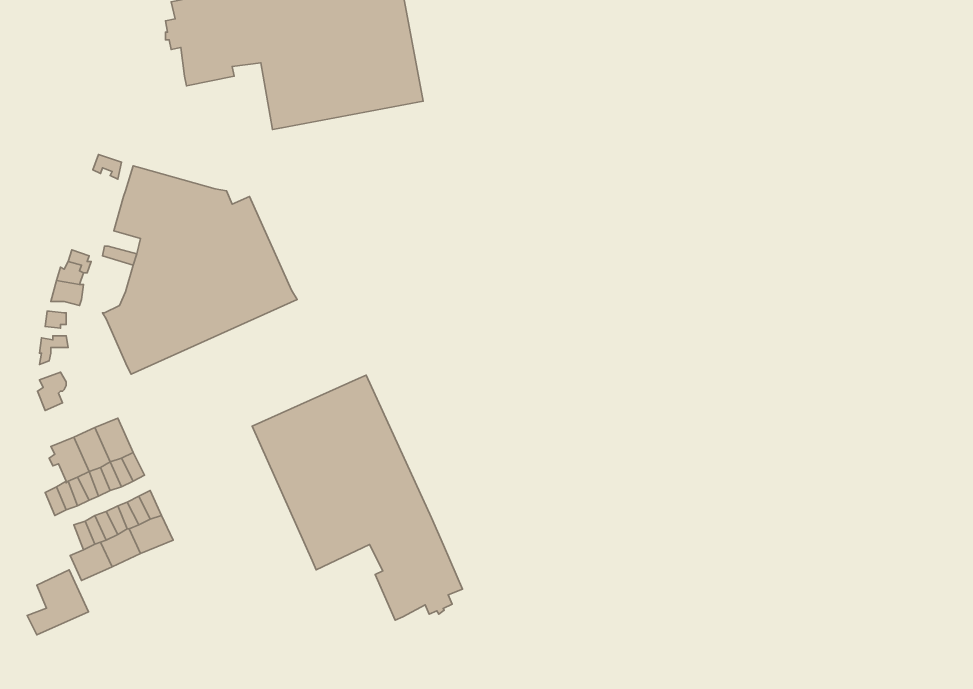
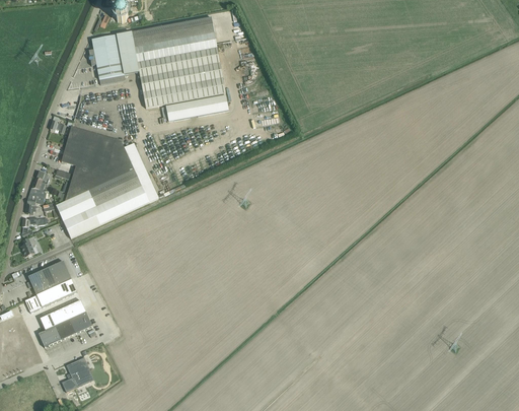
building: none -> [165,93,228,120]
building: [252,375,462,620] -> none
building: [27,570,88,635] -> [61,356,93,391]

